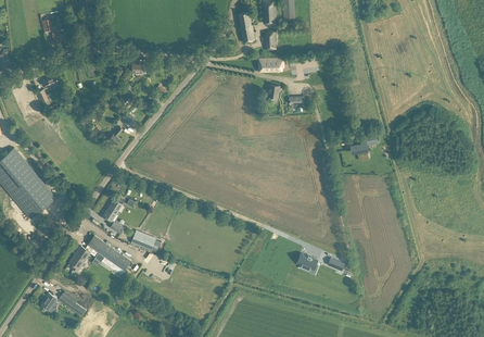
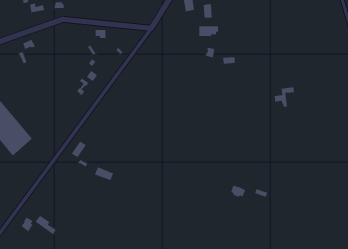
building: [68,235,129,273] -> none

